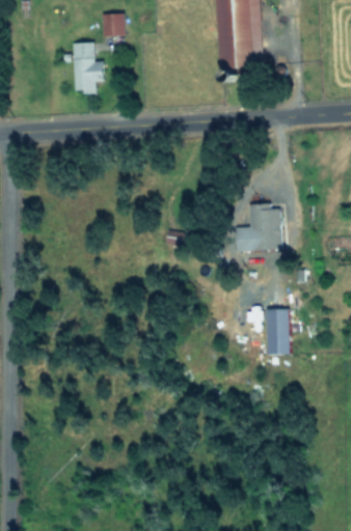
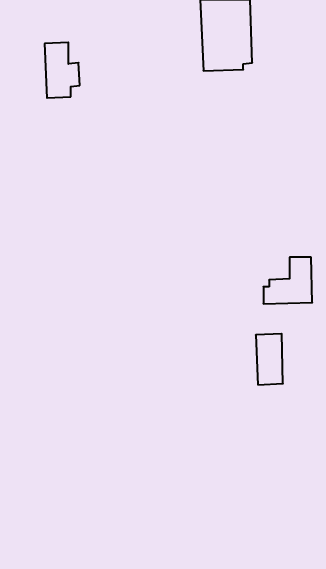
building: [102,12,126,35] -> none
building: [237,208,281,251] -> [263,257,312,304]

